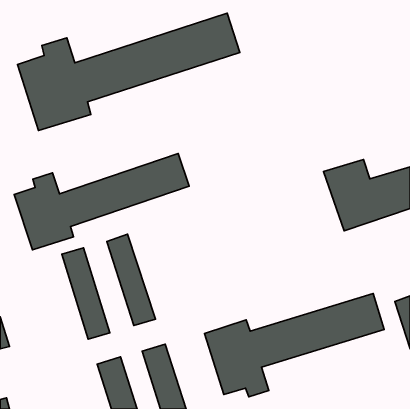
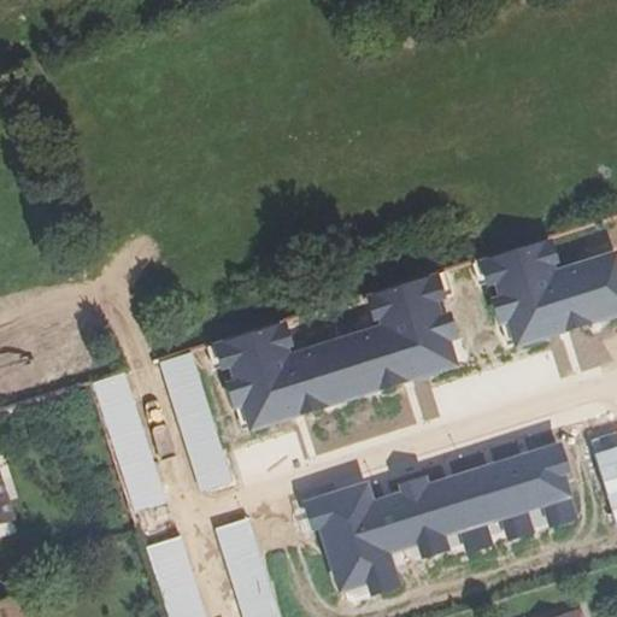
building: [18,13,240,131] -> none
building: [14,154,189,250] -> none
building: none -> [221,276,459,431]

